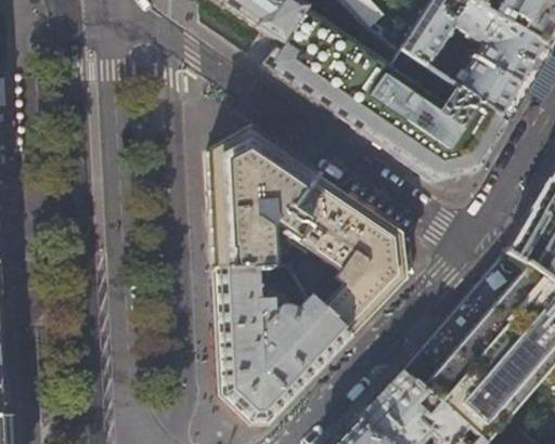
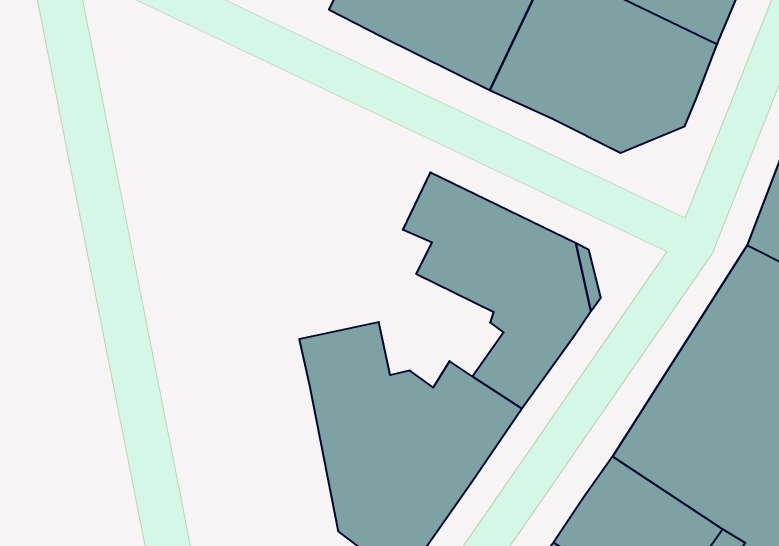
building: [212,127,348,304] -> none

